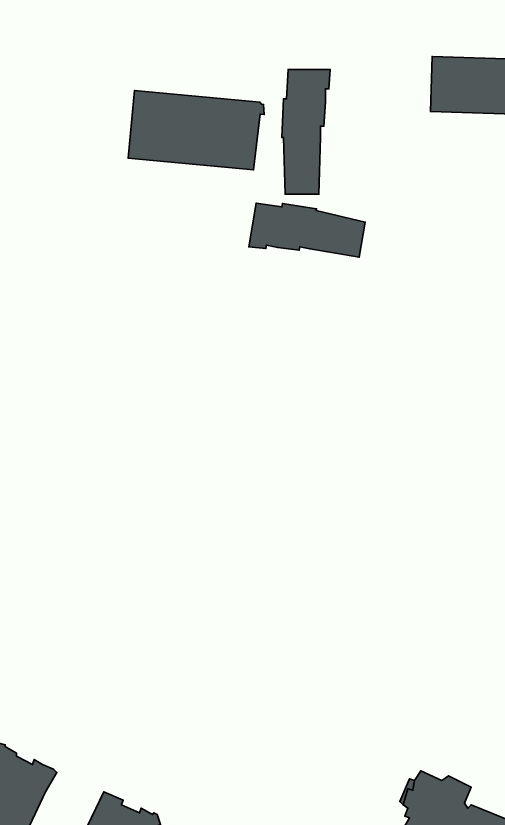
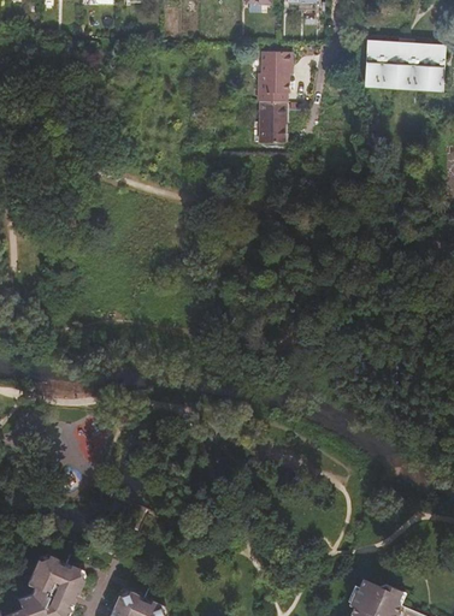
building: [128,90,264,170] -> none
building: [249,203,365,257] -> none

